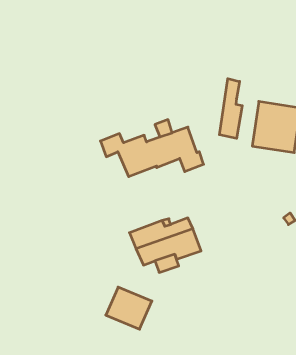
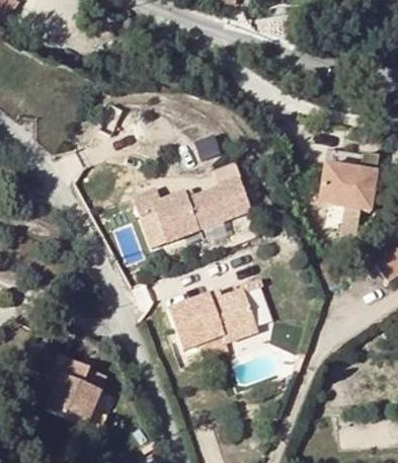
building: [219,79,242,138] -> none
building: [106,287,152,329] -> [48,371,104,422]

